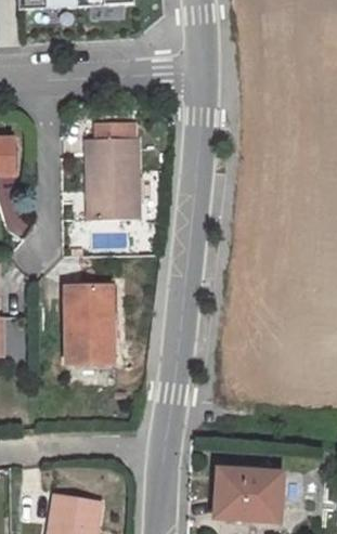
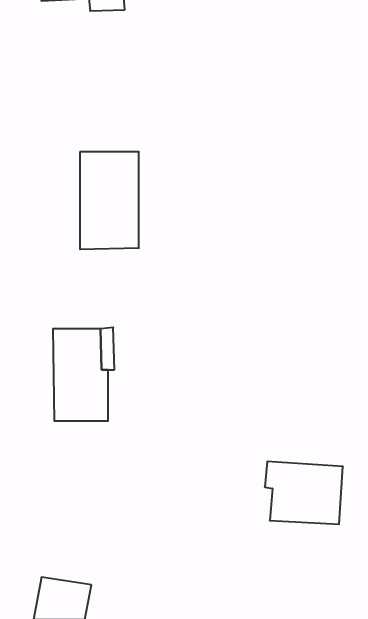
building: [219,468,285,521] -> [265,461,343,524]

